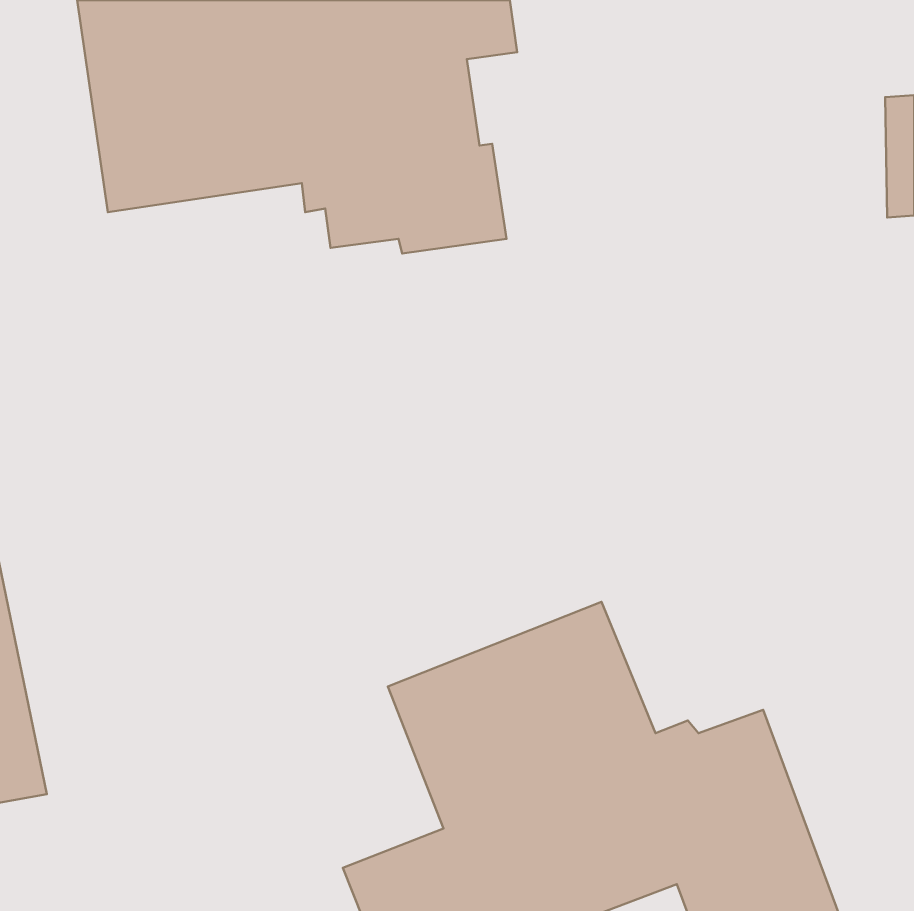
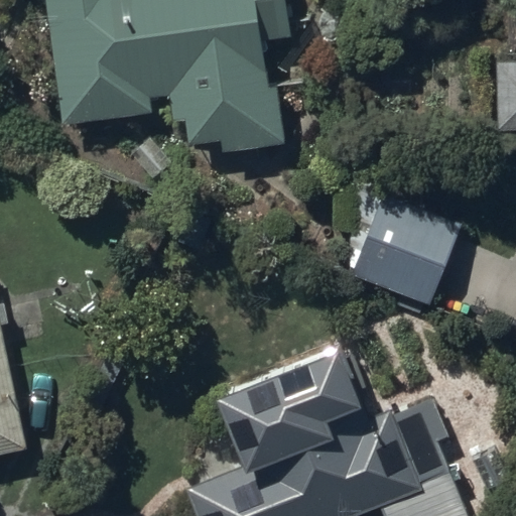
building: none -> [352,196,462,304]

